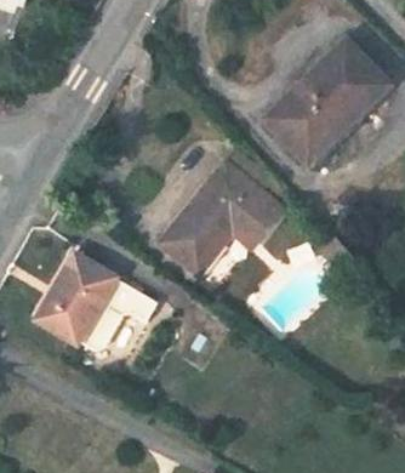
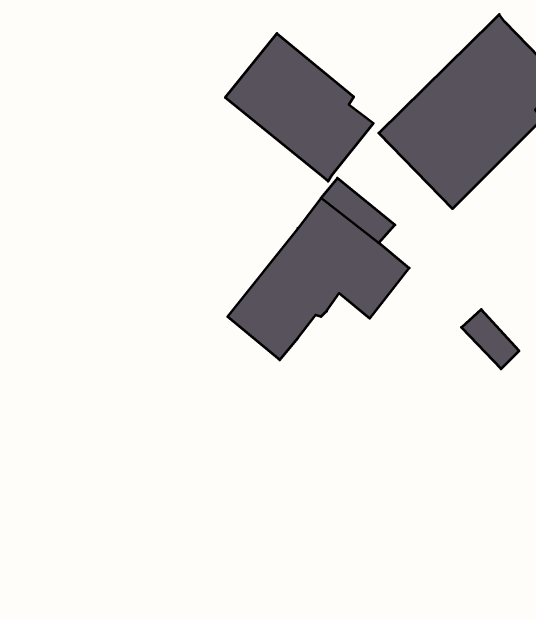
building: none -> [225,33,373,181]
building: [34,252,156,352] -> none

